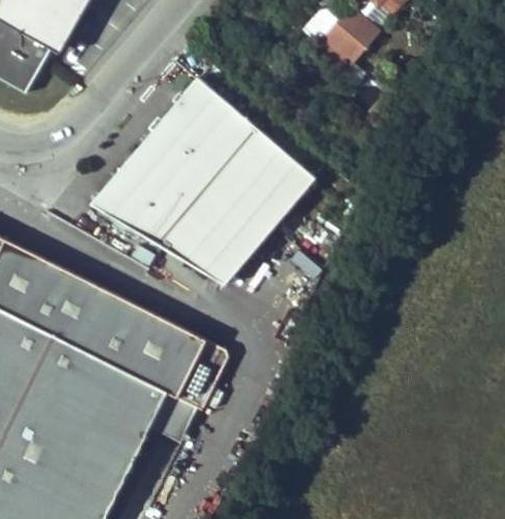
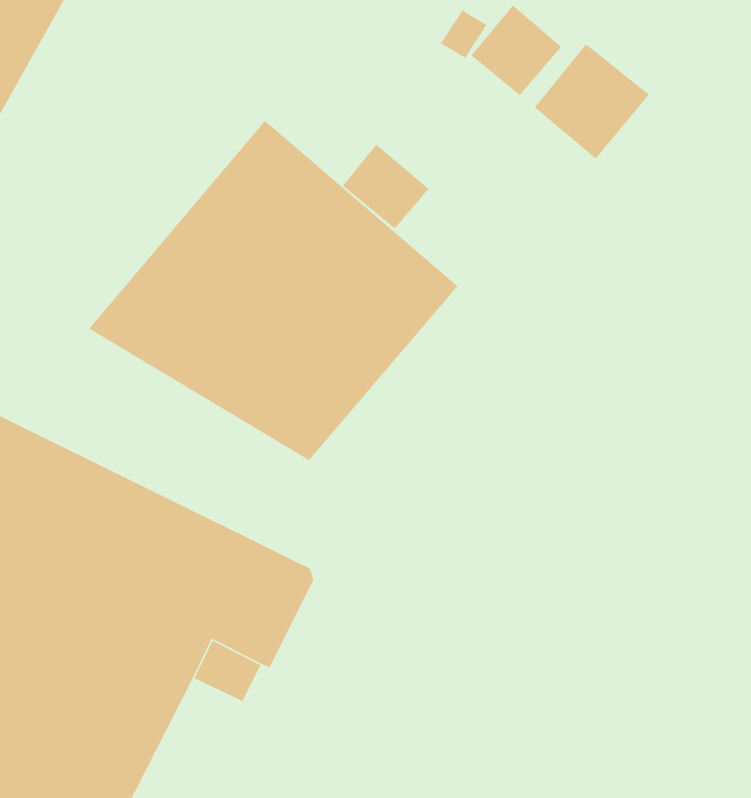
building: none -> [534,43,650,159]
building: none -> [342,144,429,229]

